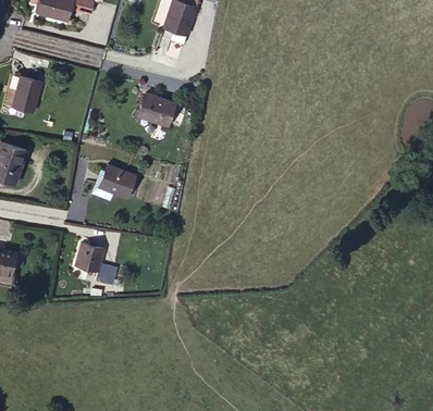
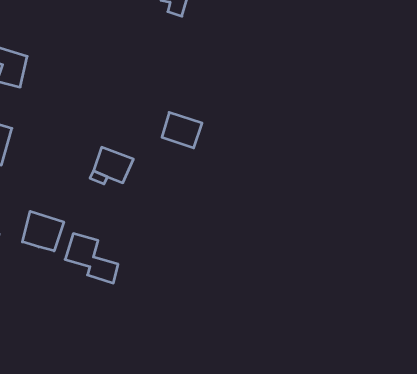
building: [139,94,176,126] -> [162,112,202,148]
building: none -> [22,211,64,251]

